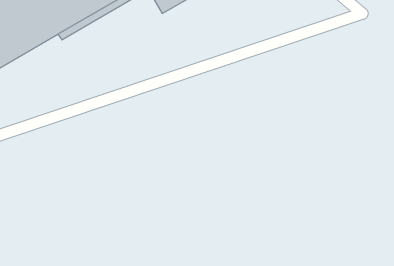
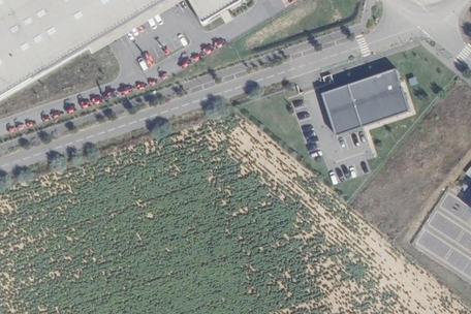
building: none -> [321,67,410,134]

